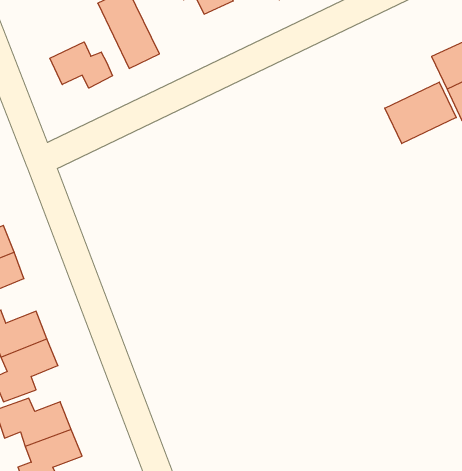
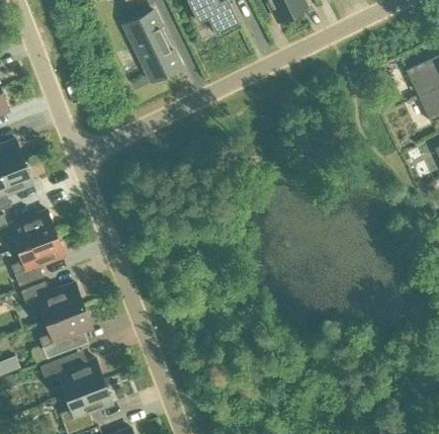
building: [50,42,113,88] -> none
building: [385,82,456,144] -> none

